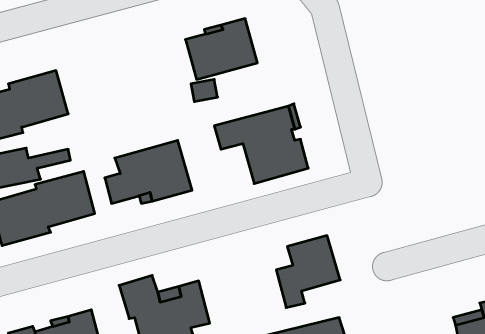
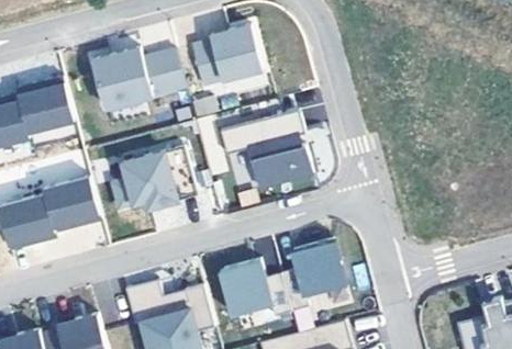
building: none -> [90,52,183,112]
building: none -> [221,263,289,320]

